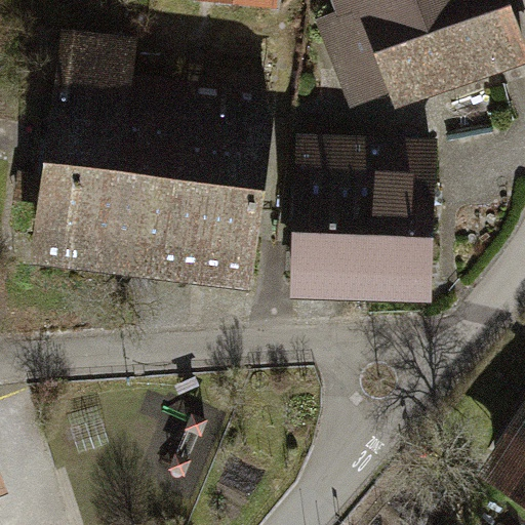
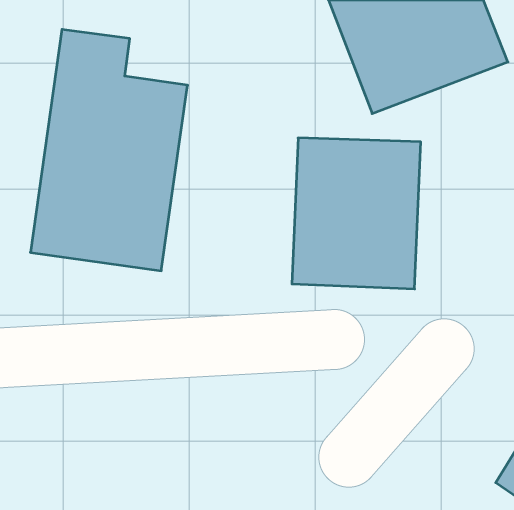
building: [167,94,275,292] -> none

